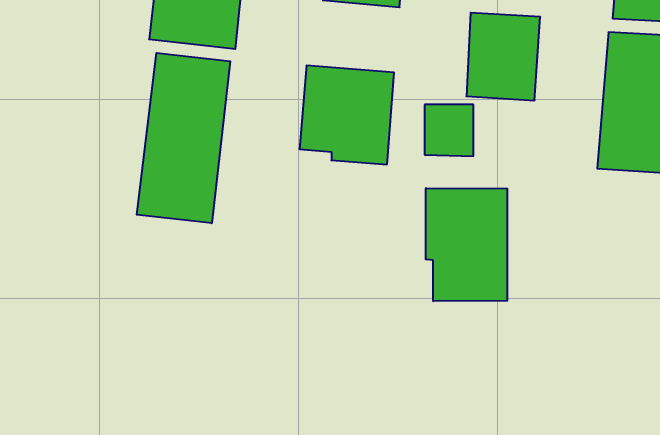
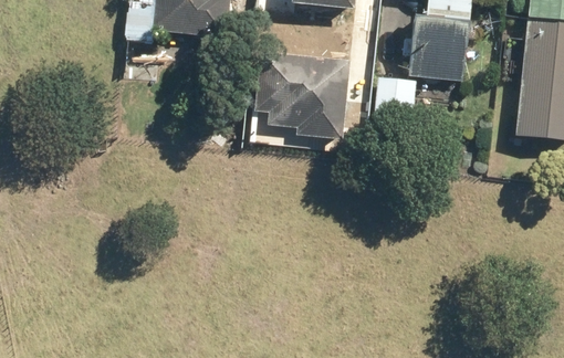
building: [137,53,230,223] -> none
building: [426,188,507,301] -> none

